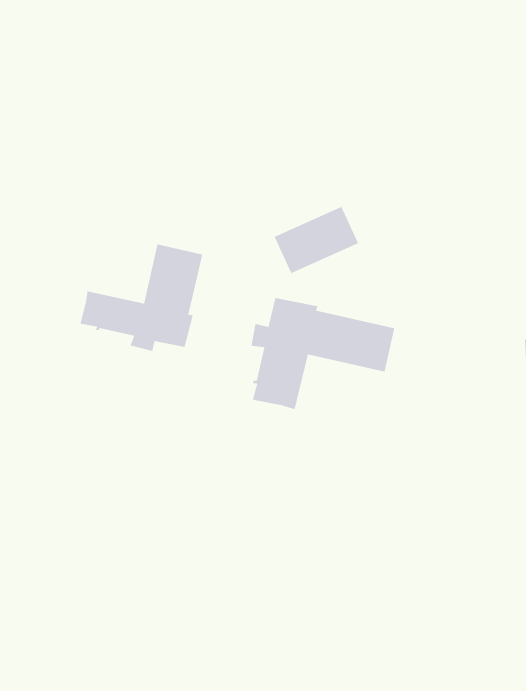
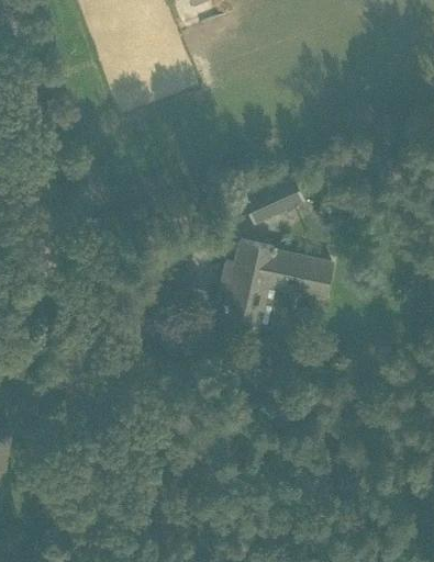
building: [79,244,203,352] -> none

